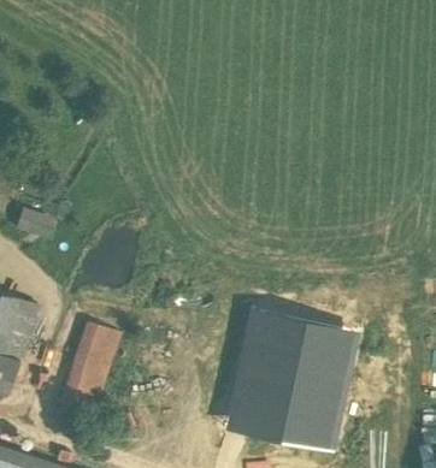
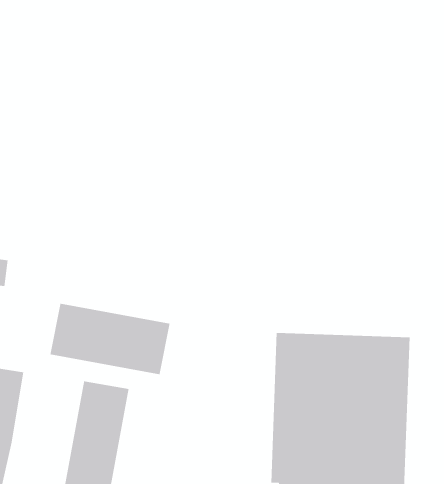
building: none -> [50,303,171,375]

